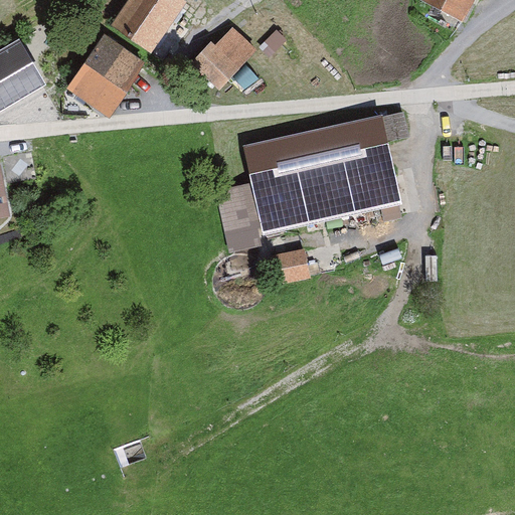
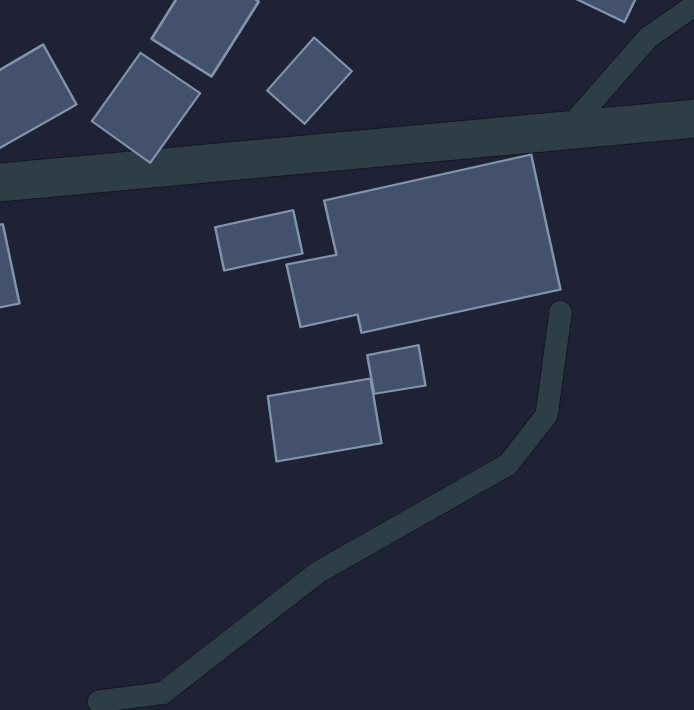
building: none -> [215,210,303,271]
building: none -> [268,378,382,461]

